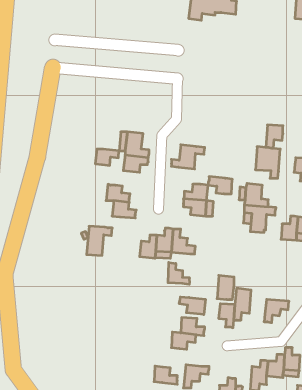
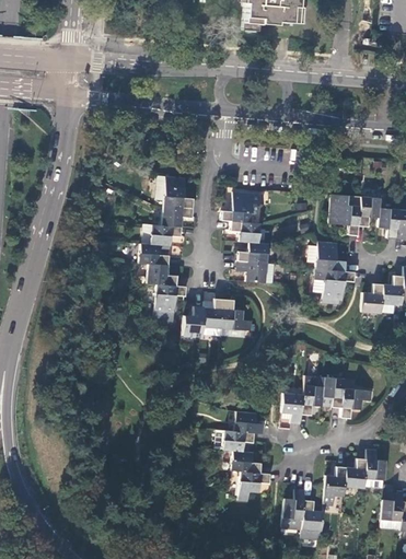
building: [266,125,283,148] -> [359,196,381,225]
building: [95,149,119,165] -> [151,223,182,244]
building: [208,177,232,194] -> [230,219,260,241]
building: [87,226,112,255] -> [153,282,186,319]
building: [168,262,190,284] -> none
building: [217,275,234,299] -> [322,375,344,406]
building: [179,297,205,315] -> none
building: [154,366,177,384] -> [231,450,260,473]

